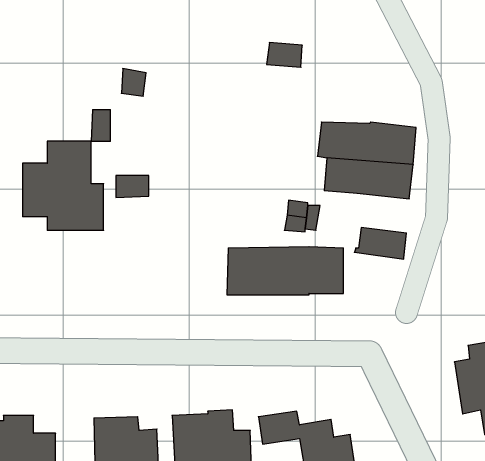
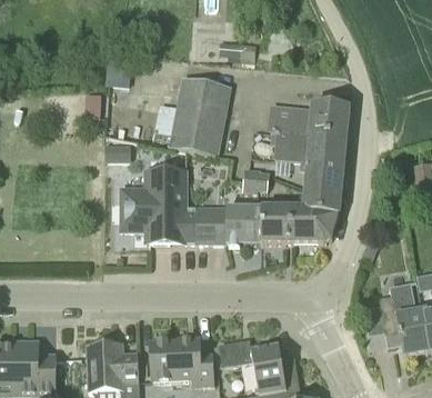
building: none -> [168,77,231,156]
building: [23,141,104,230] -> [129,171,194,243]
building: none -> [299,161,342,193]
building: none -> [289,206,338,243]

